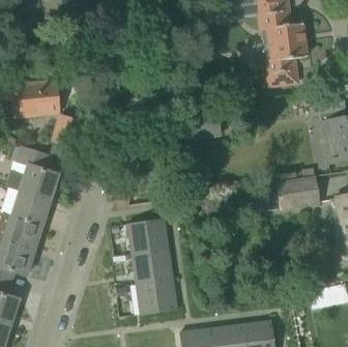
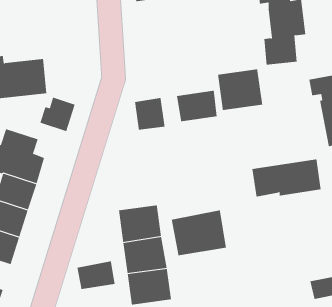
building: none -> [217,69,263,111]
building: none -> [134,97,165,131]
building: none -> [171,210,226,256]
building: none -> [77,260,115,290]

